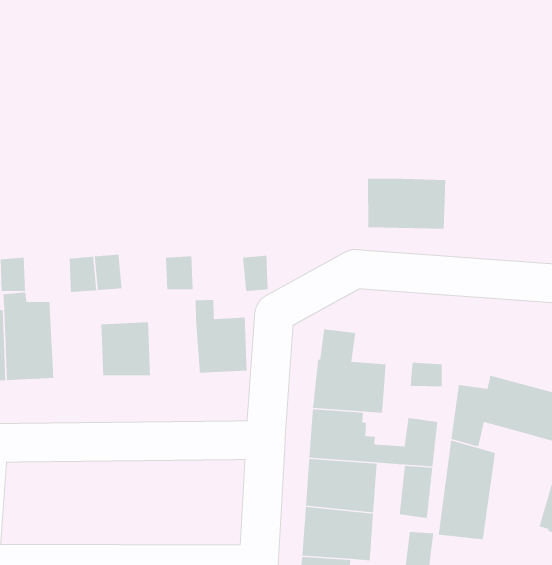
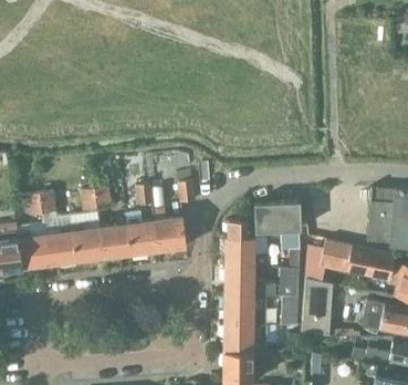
building: [367,178,446,230] -> [255,202,302,233]
building: none -> [71,212,104,260]
building: none -> [126,211,159,254]

